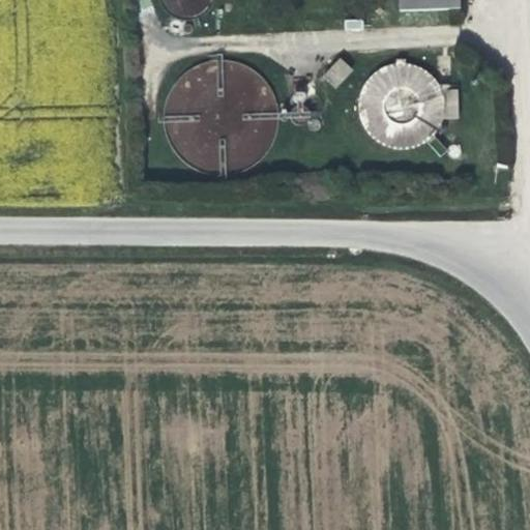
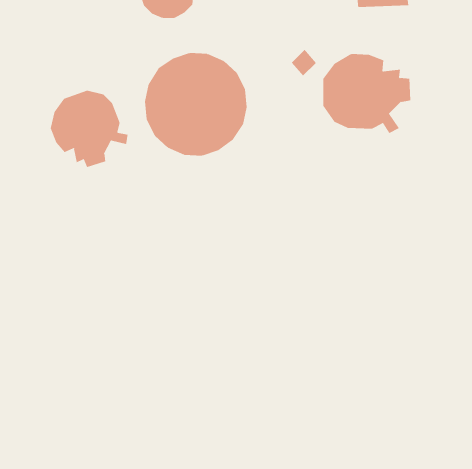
building: none -> [50,90,128,168]

